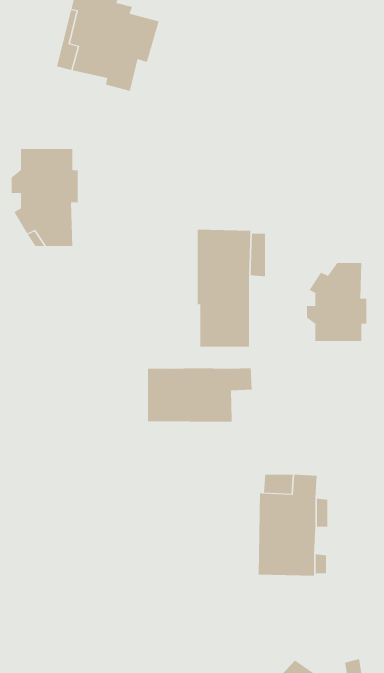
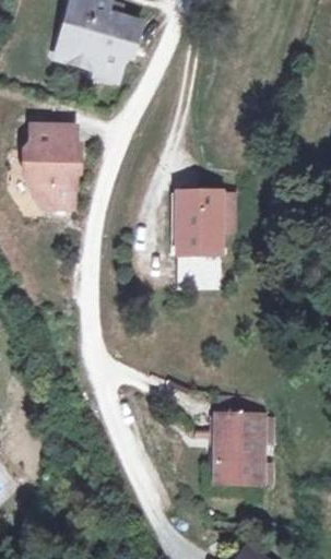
building: [307,262,367,342] -> none
building: [147,368,252,423] -> none

